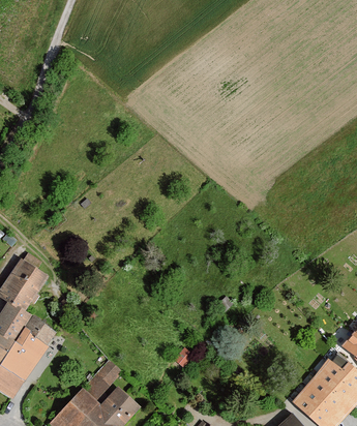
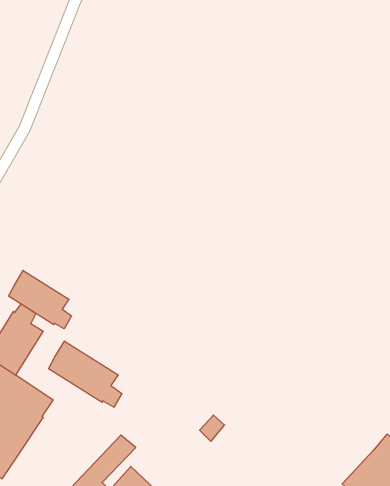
building: none -> [8,270,72,329]
building: none -> [49,341,122,407]

